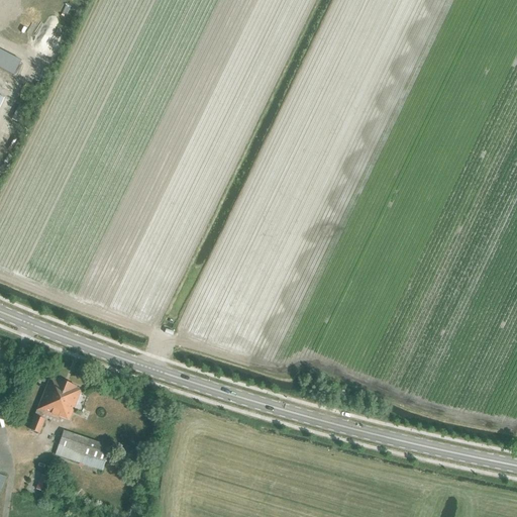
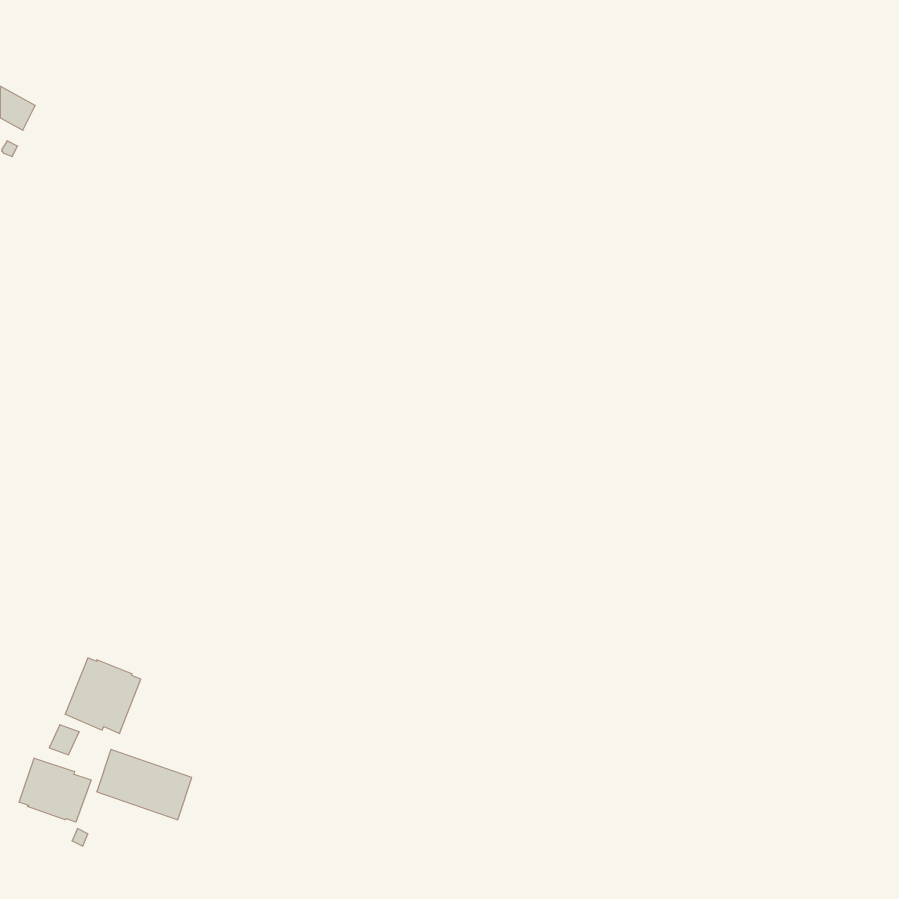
building: none -> [19,758,91,822]

